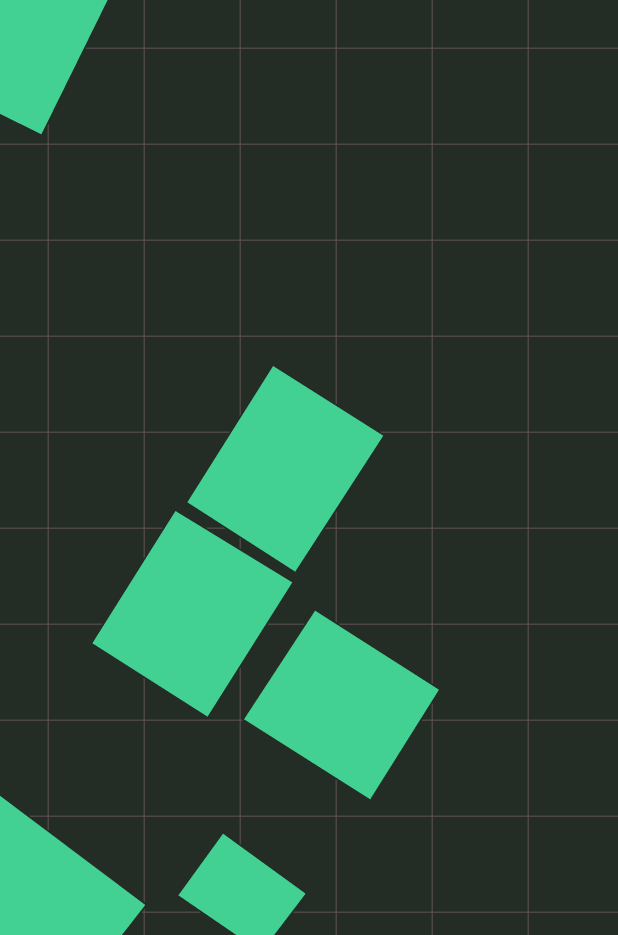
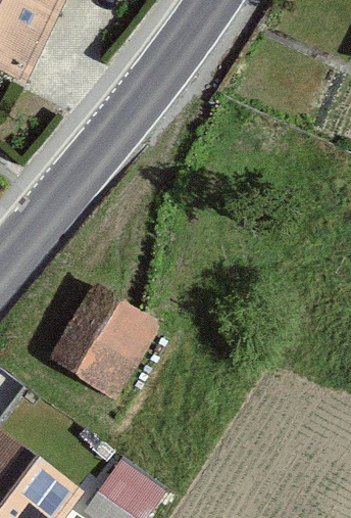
building: [186,365,385,573] -> none
building: [243,609,440,800] -> none

